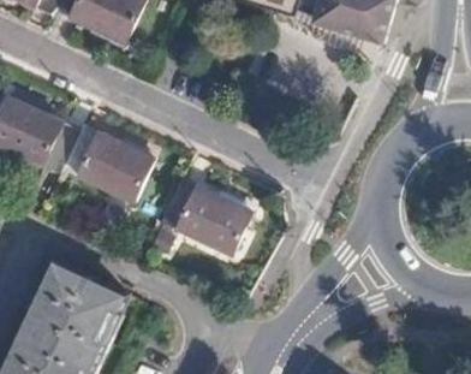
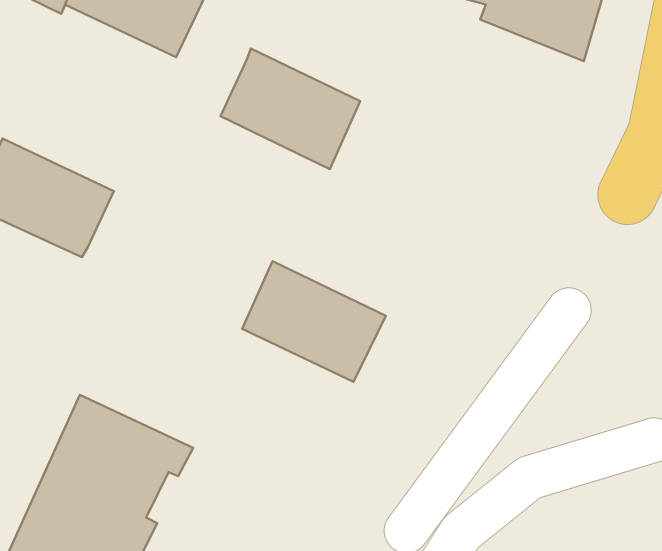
building: [62,123,151,200] -> [221,48,360,169]

